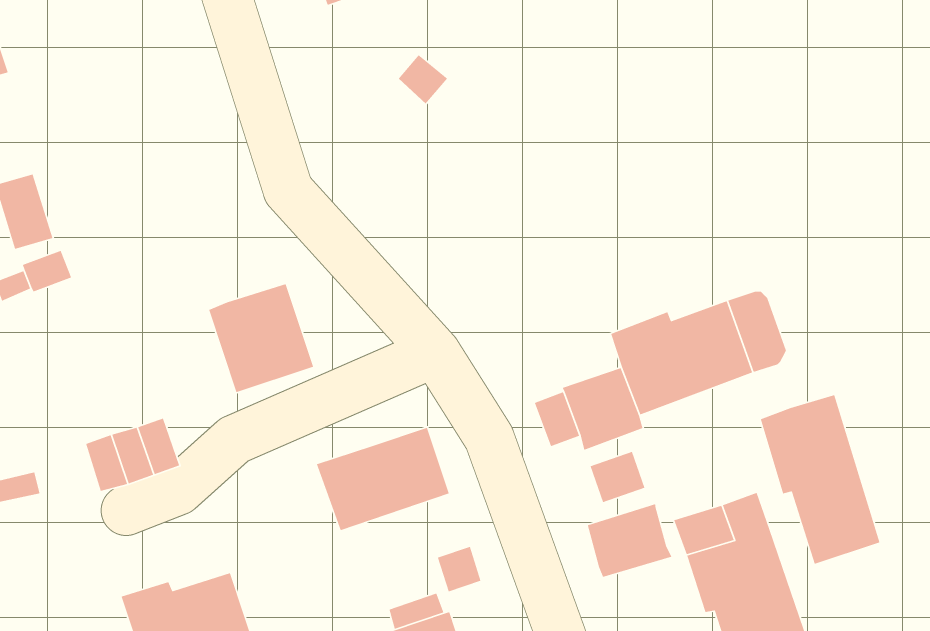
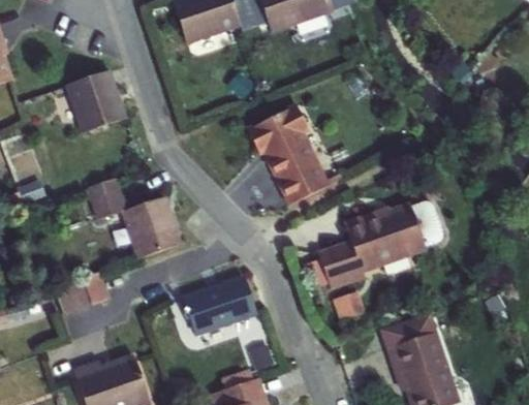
building: none -> [66,71,125,132]
building: none -> [247,106,328,205]
building: none -> [88,179,132,219]
building: [760,394,881,565] -> none
building: [587,503,672,578] -> none

